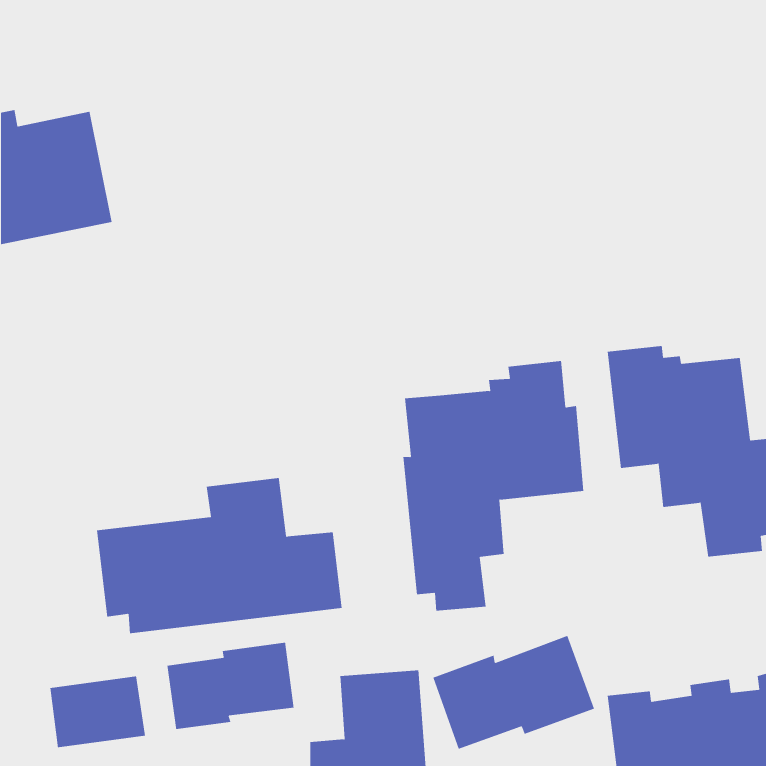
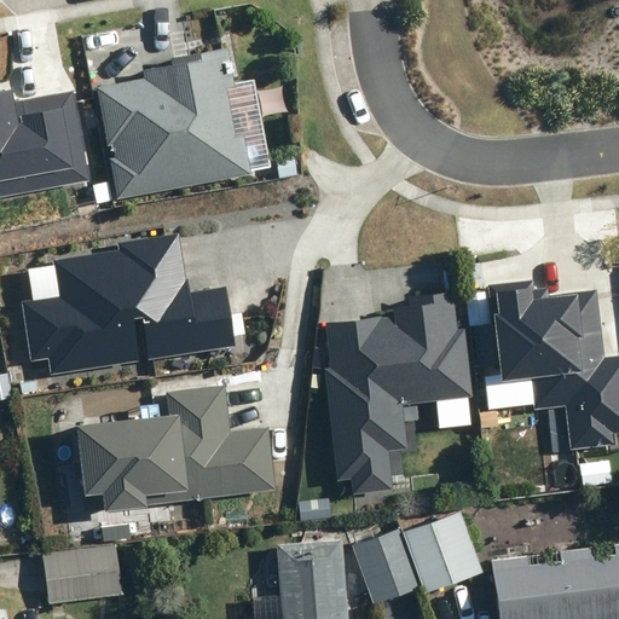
building: none -> [98,47,251,198]
building: none -> [23,233,245,375]
building: [167,642,294,730] -> none

